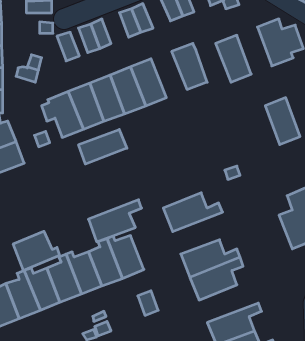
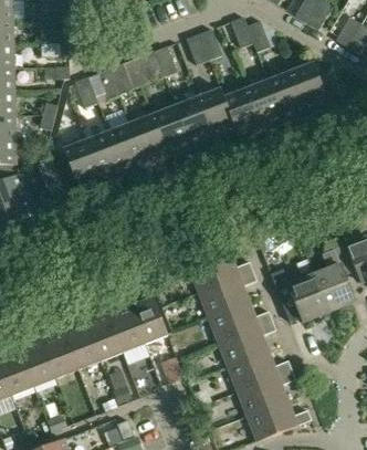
building: none -> [224,88,262,139]
building: none -> [176,97,214,147]
building: [265,98,300,145] -> [269,71,306,122]
building: [79,129,127,164] -> none
building: [88,200,142,242] -> [199,271,256,316]
building: none -> [271,269,328,321]
building: [13,231,60,271] -> none
building: none -> [228,349,292,390]

